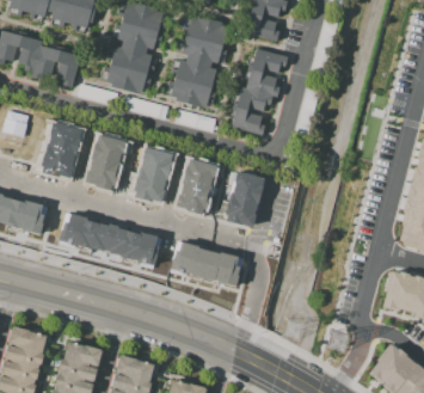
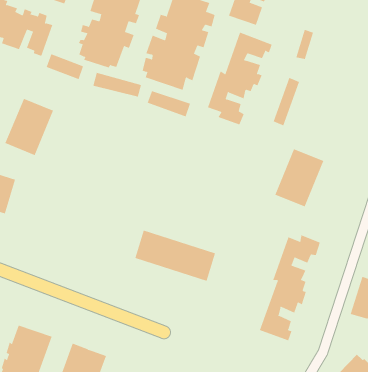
building: [92,139,137,194] -> none
building: [137,151,182,205] -> none
building: [186,162,231,217] -> none
building: [231,173,275,228] -> [275,148,324,207]
building: [62,211,166,268] -> none
building: none -> [259,235,320,341]

